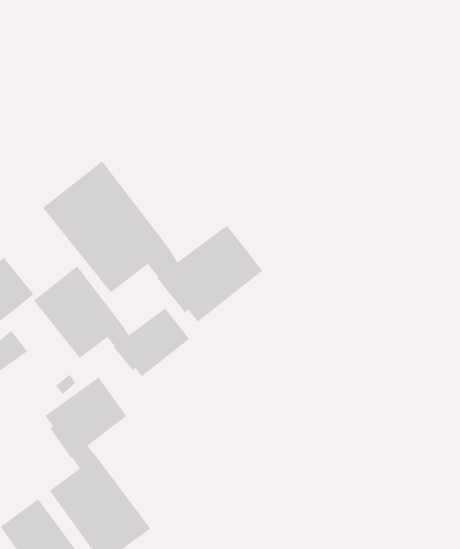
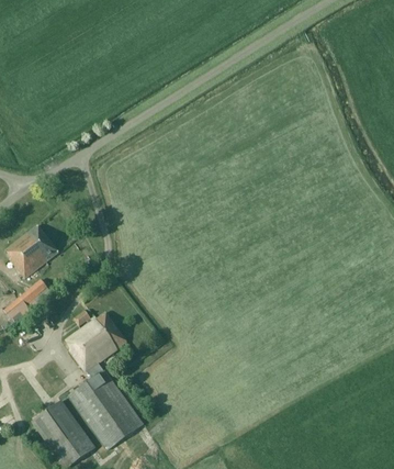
building: [42,160,263,322] -> none
building: [33,265,190,377] -> none

